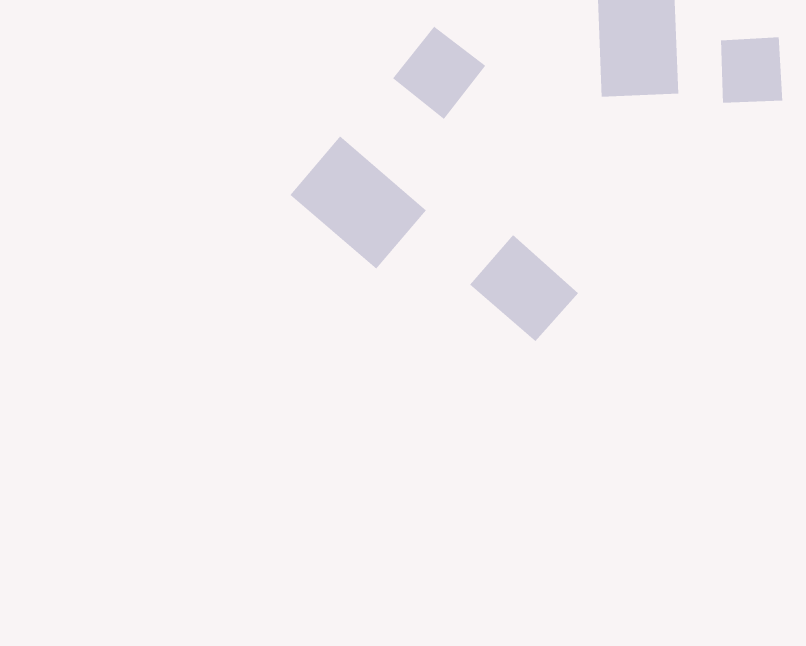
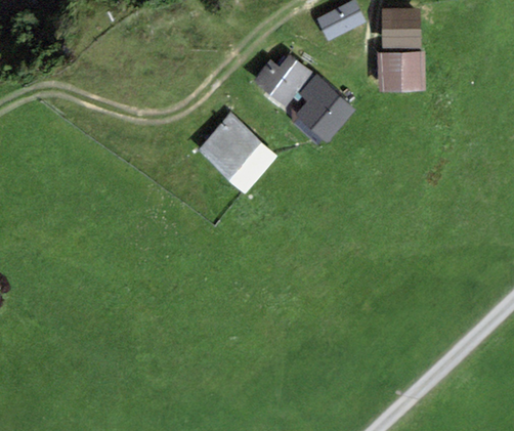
building: [720,36,783,103] -> none
building: [469,234,579,342] -> [290,76,354,139]

